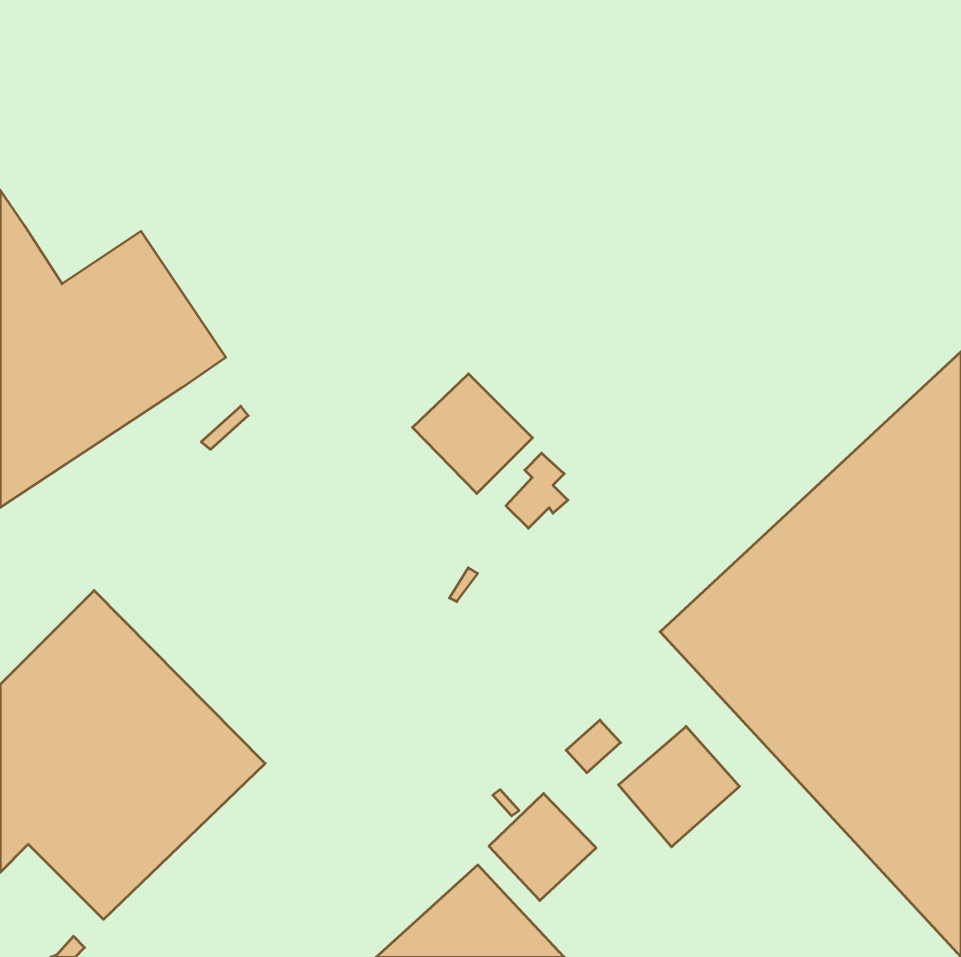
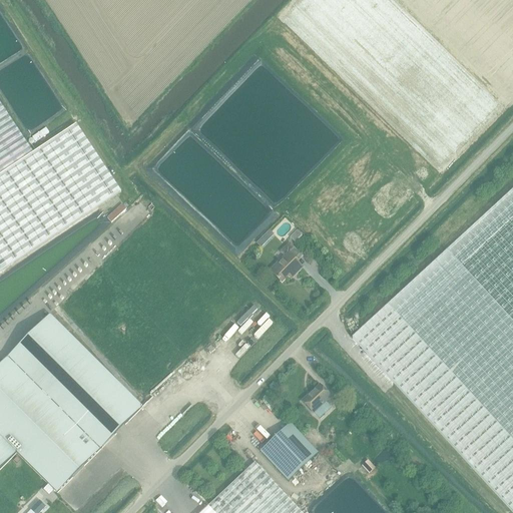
building: [412,374,533,494] -> none
building: [618,726,740,847] -> none

